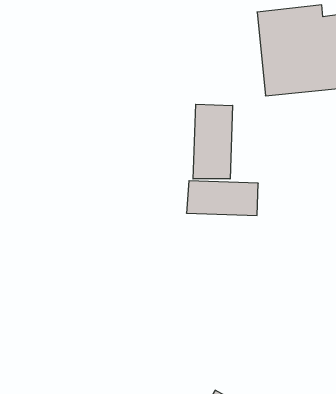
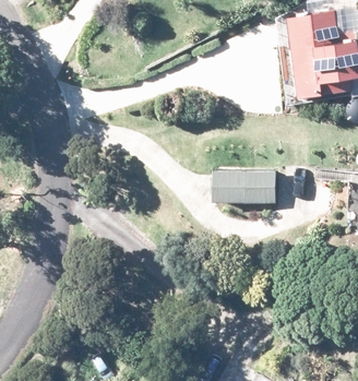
building: [193,104,233,179] -> none

